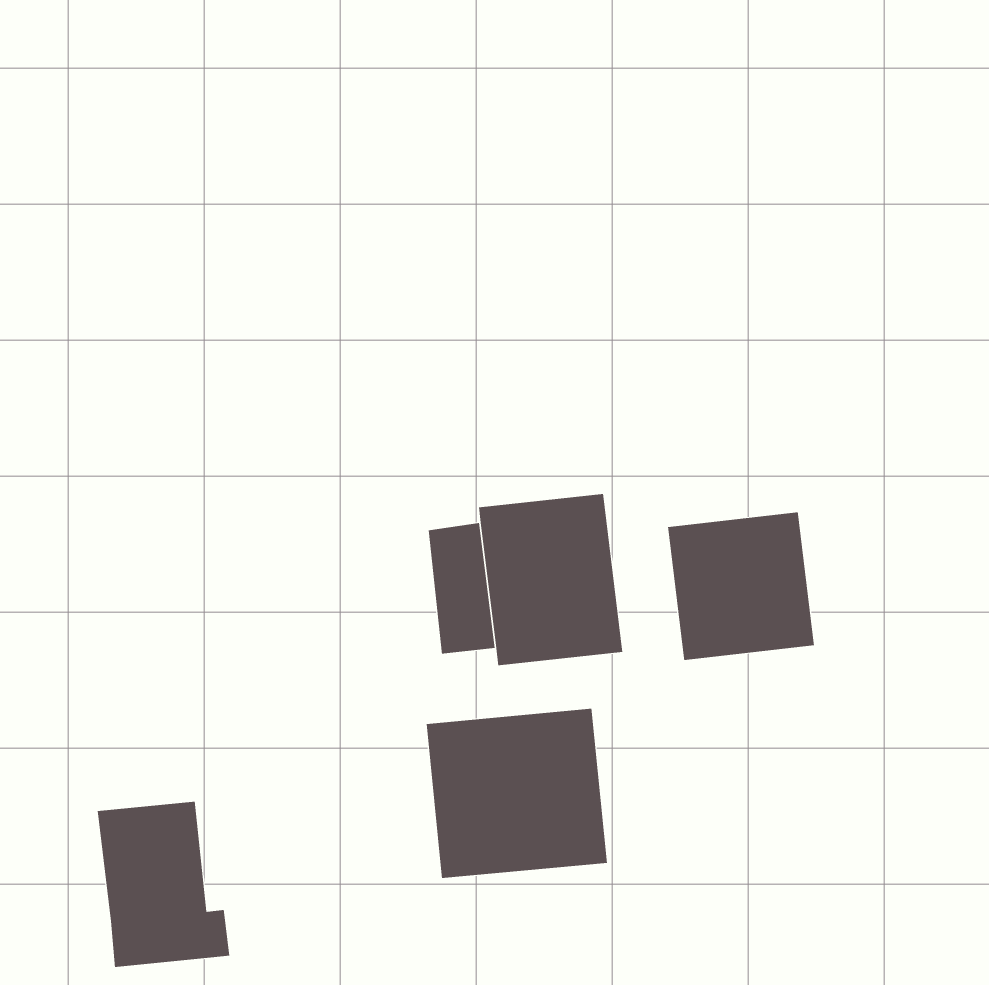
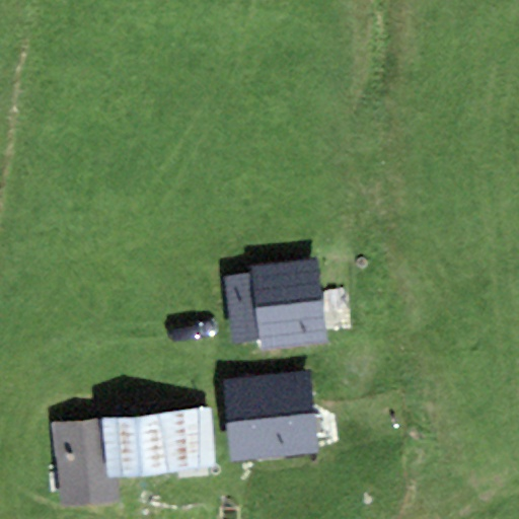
building: [667,511,814,661] -> none
building: none -> [102,407,215,477]

